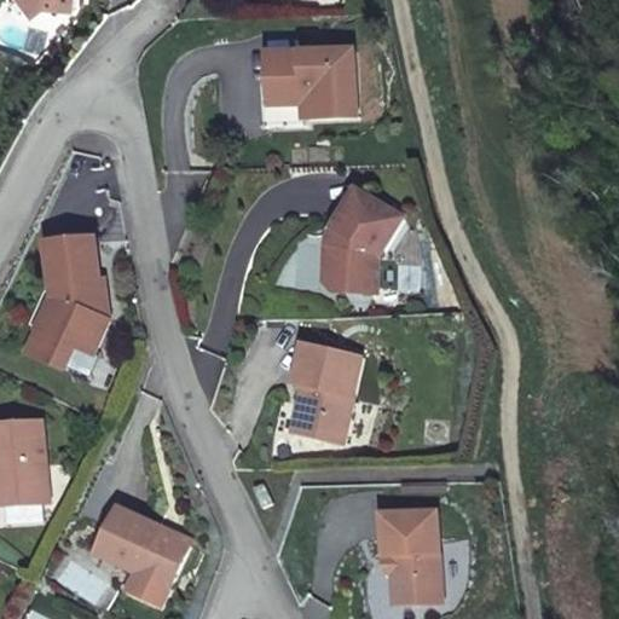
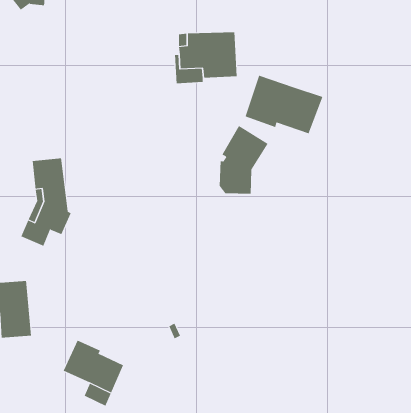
building: none -> [245,75,323,134]
building: [291,340,359,440] -> none
building: [381,509,439,601] -> none

